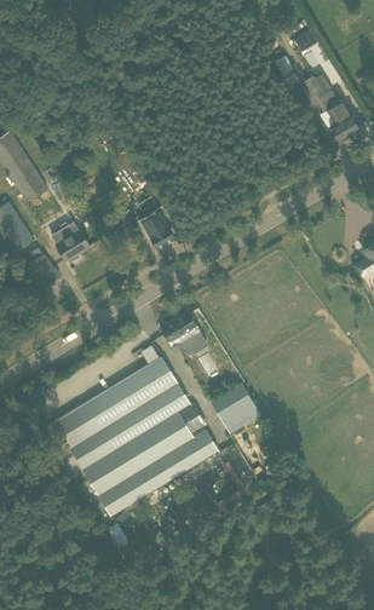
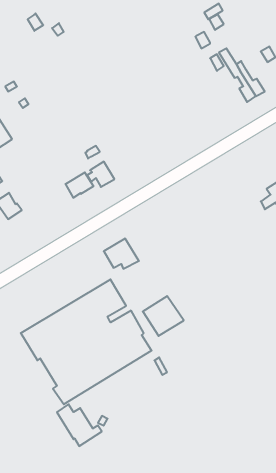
building: [52,225,87,257] -> [65,172,94,198]

